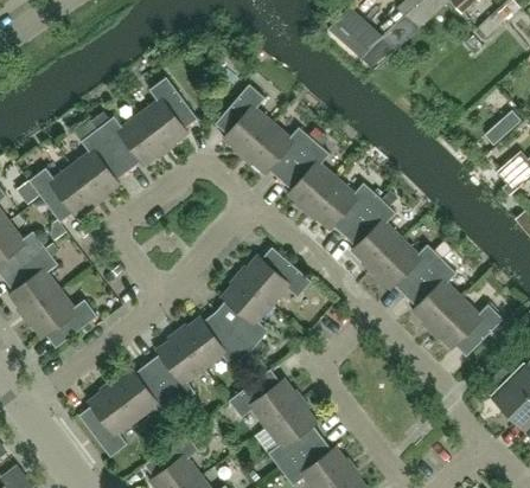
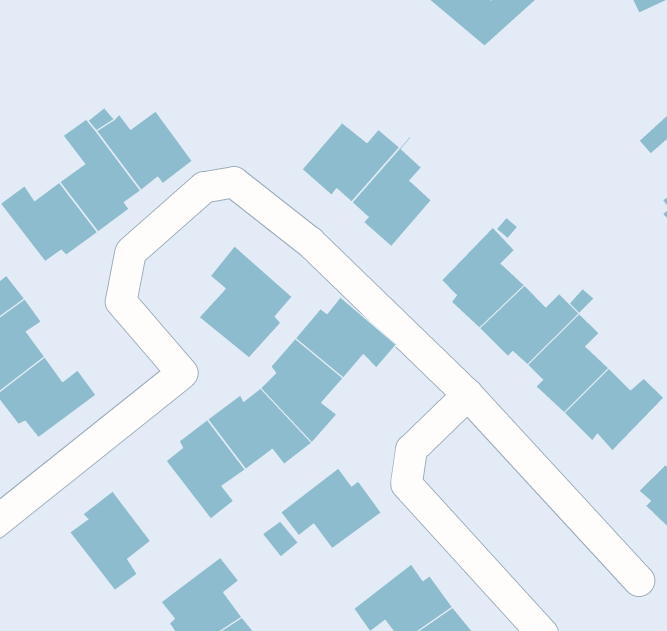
building: [140,77,198,149] -> none
building: [215,84,273,155] -> none
building: [308,178,381,235] -> none
building: none -> [199,246,292,358]
building: [109,364,179,420] -> none
building: [266,400,323,469] -> none

